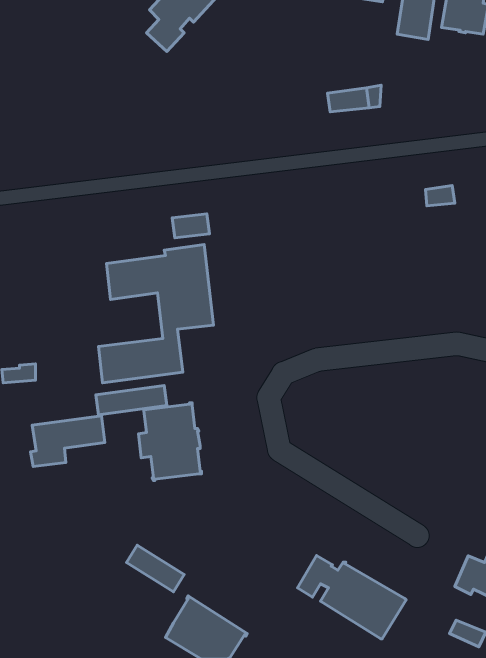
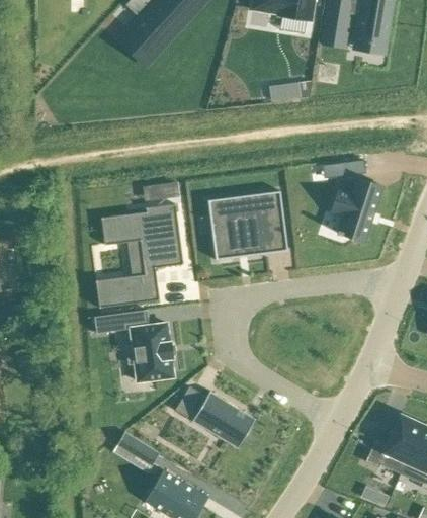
building: none -> [330,179,381,242]
building: none -> [206,190,286,260]
building: [30,416,105,467] -> none
building: [298,556,406,639] -> [173,386,255,449]

